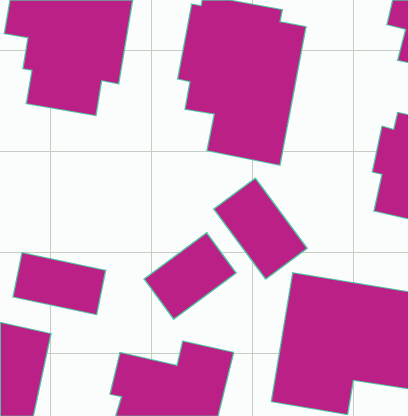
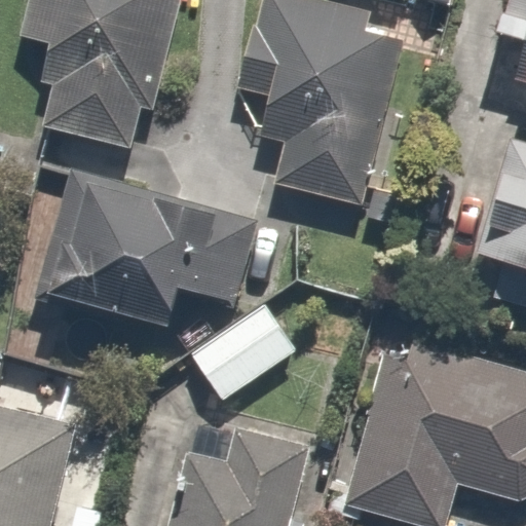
building: none -> [46,176,263,317]
building: [214,178,307,279] -> none
building: [13,253,106,315] -> none

